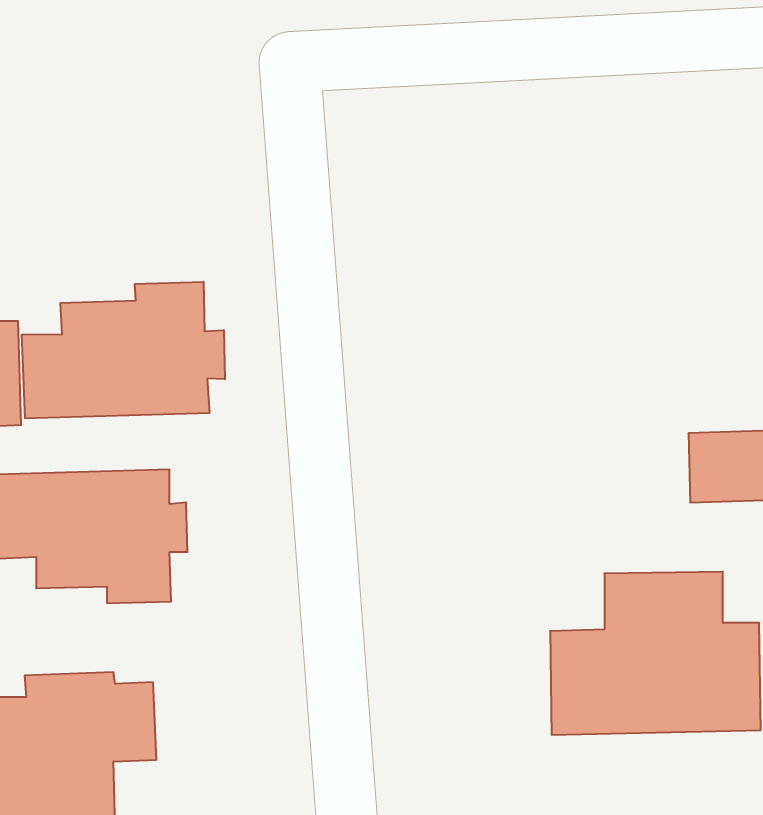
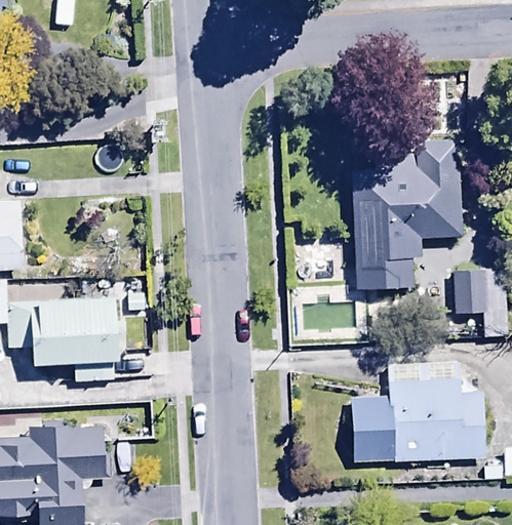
building: none -> [346,138,461,292]
building: [22,282,225,418] -> none

